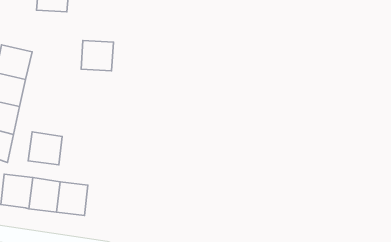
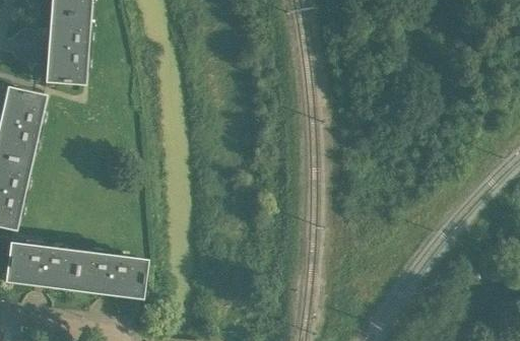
building: [81,40,113,71] -> [47,46,85,82]
building: [28,132,62,165] -> none
building: none -> [107,256,145,296]

